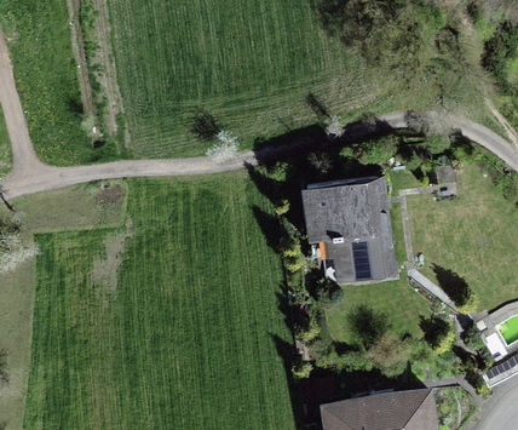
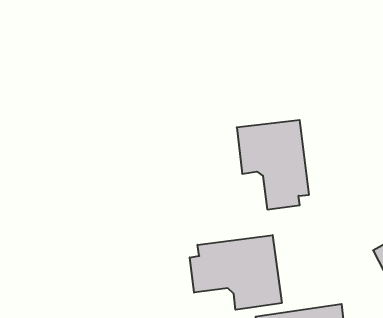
building: none -> [190,235,282,310]

